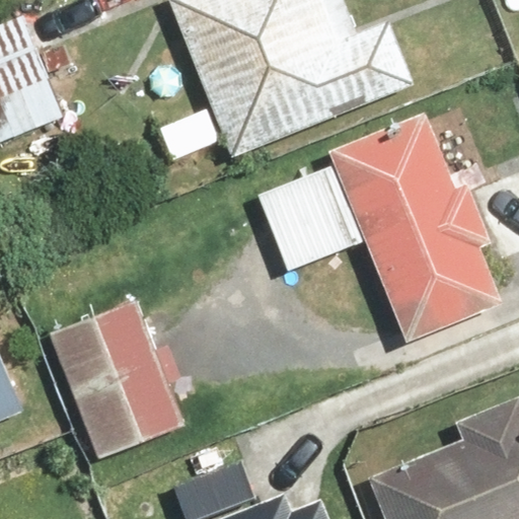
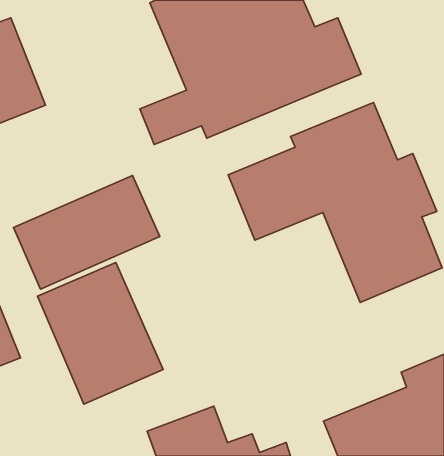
building: none -> [13,175,160,289]

